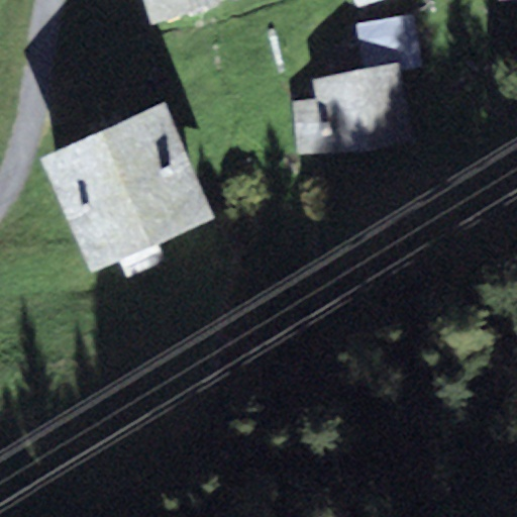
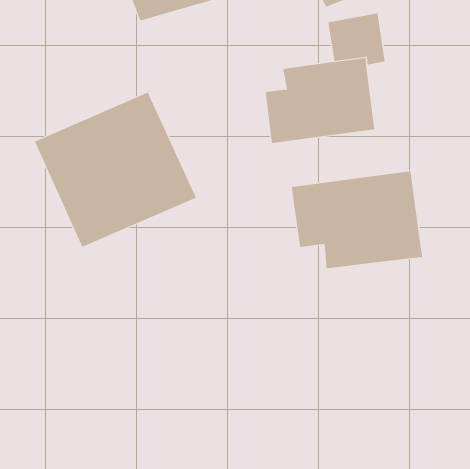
building: none -> [291,171,423,269]

